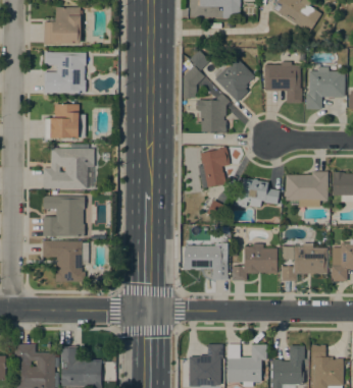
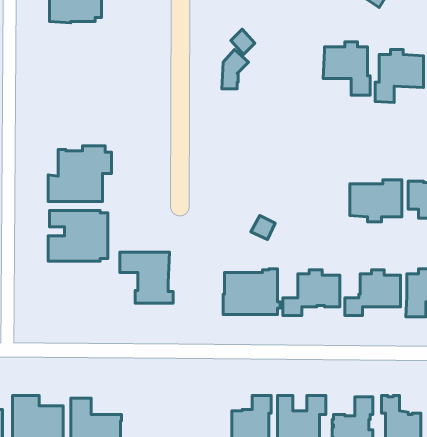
building: [44,52,86,93] -> none
building: [213,53,254,102] -> none
building: [197,94,230,131] -> none
building: [45,103,86,140] -> none
building: [198,147,230,187] -> none
building: [233,177,280,207] -> none
building: [43,240,86,281] -> [120,252,173,303]

